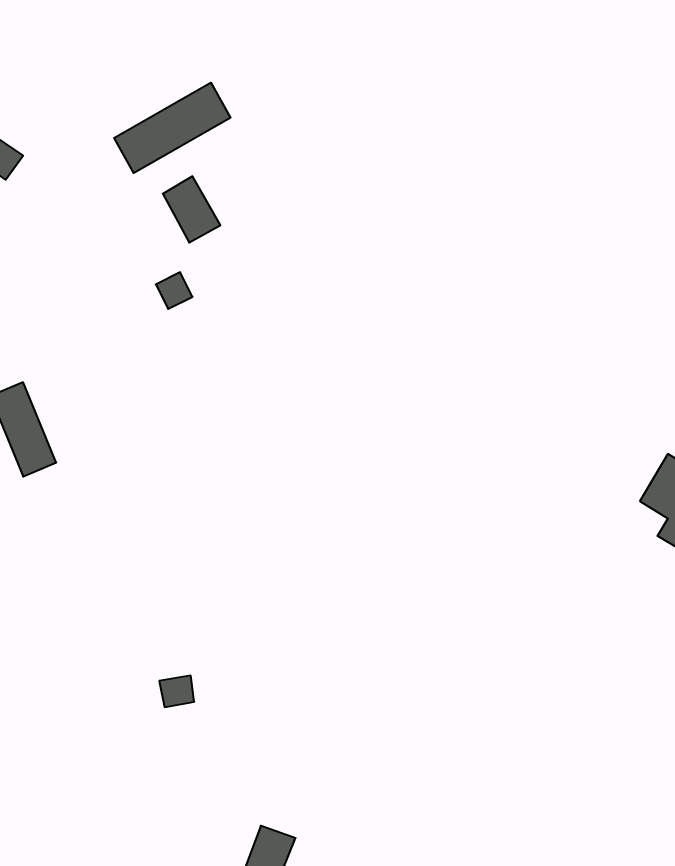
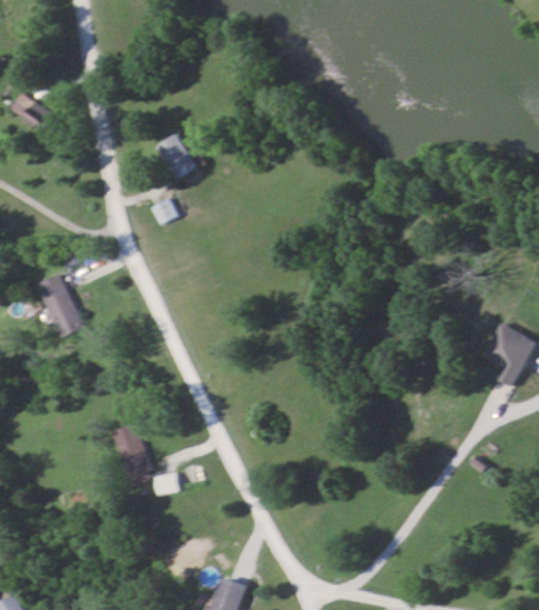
building: [114,83,231,173] -> none
building: none -> [111,424,150,479]

